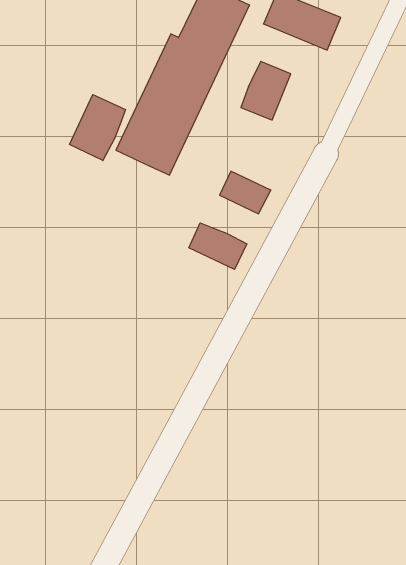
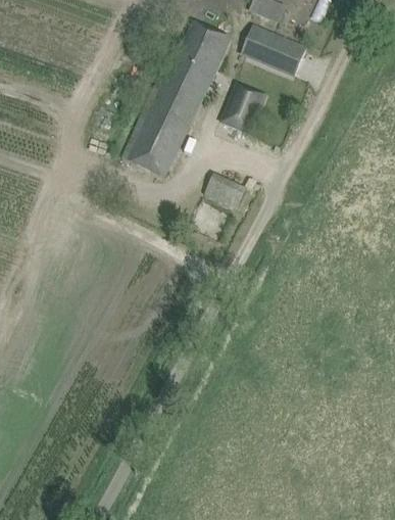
building: [69,95,126,161] -> none
building: [189,223,247,269] -> none

